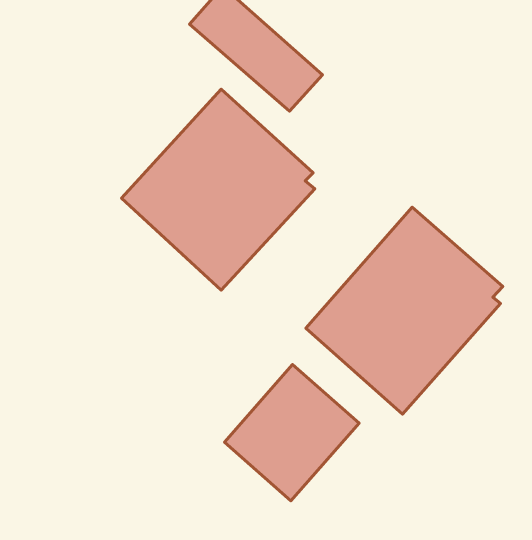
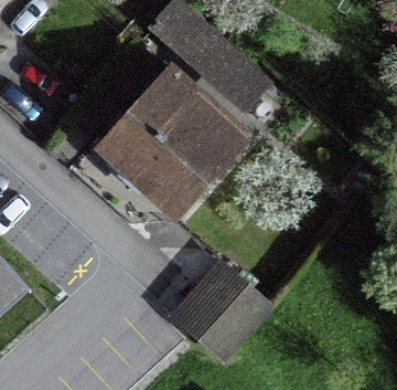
building: [306,207,503,414] -> none

